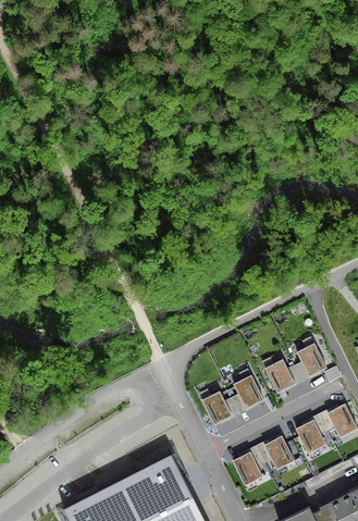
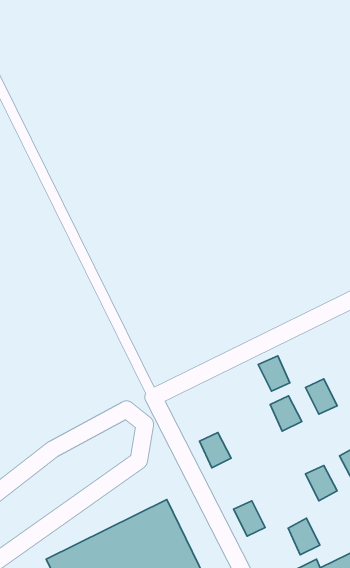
building: [233,376,261,408] -> [258,356,290,391]
building: [264,437,293,470] -> [288,518,320,555]

